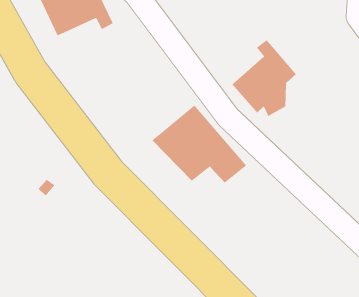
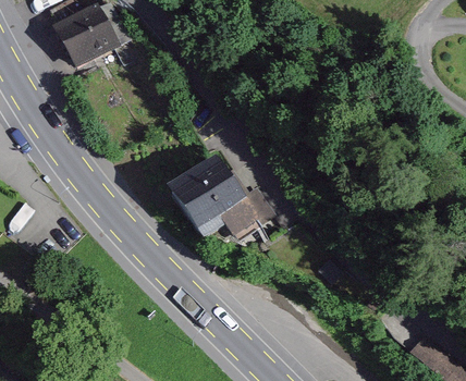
building: [232,39,297,117] -> none

